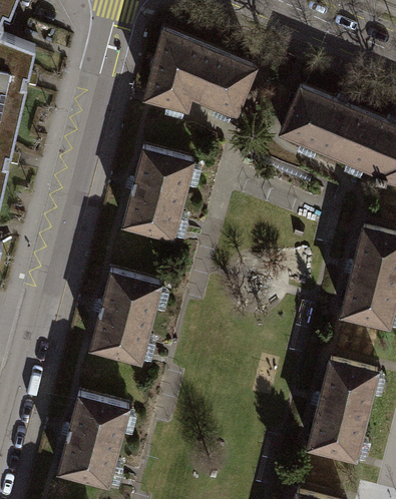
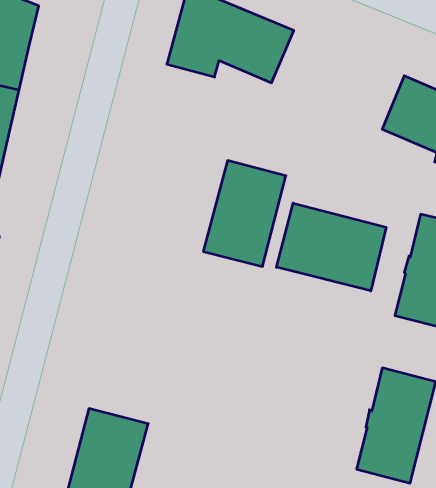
building: [281,88,350,154] -> none
building: [122,148,193,239] -> [203,161,286,266]
building: none -> [276,203,386,291]
building: [90,272,161,362] -> none

